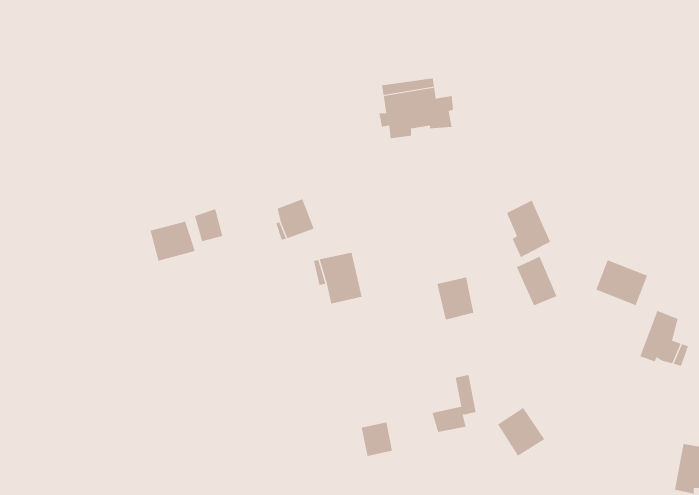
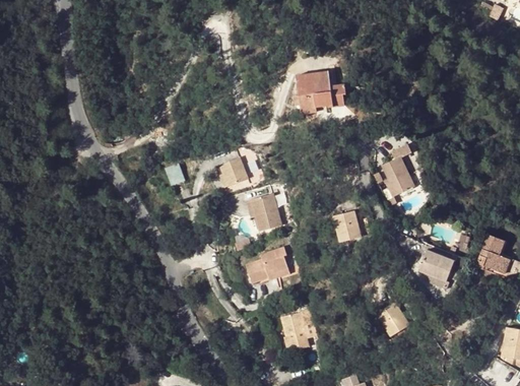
building: [150,221,196,261] -> none
building: [516,256,557,306] -> none
building: [596,259,648,306] -> [418,250,455,282]
building: none -> [245,246,287,280]
building: [432,374,477,432] -> [282,310,314,350]

